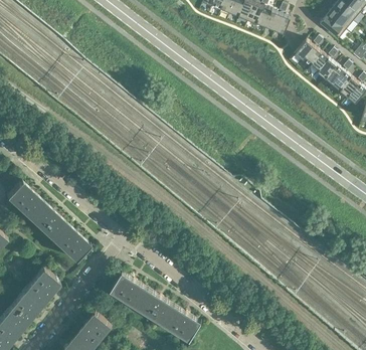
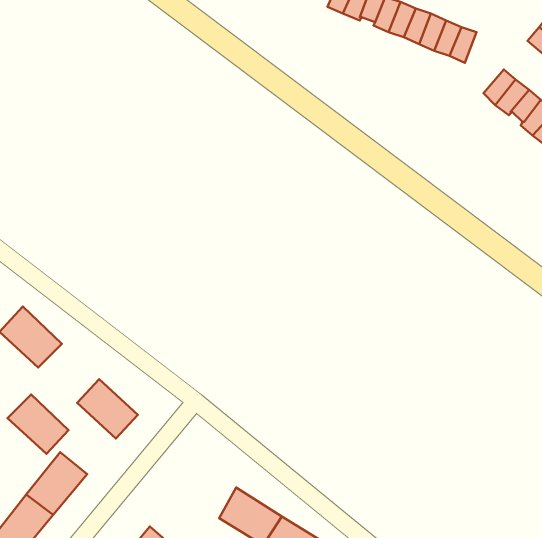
building: [30,205,66,240] -> [8,394,69,454]
building: [111,275,148,309] -> none

